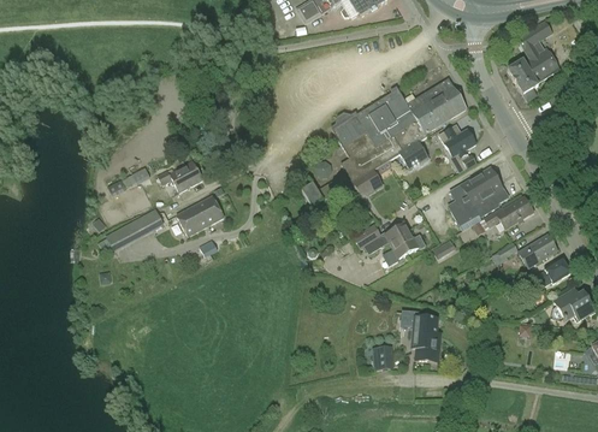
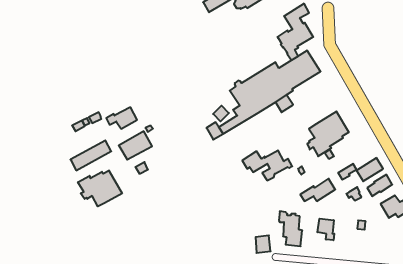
building: [508,19,559,101] -> [277,4,313,60]
building: [439,123,475,156] -> none
building: [348,168,384,197] -> none
building: [484,194,534,226] -> [300,179,335,201]
building: none -> [78,170,122,206]
building: none -> [317,219,334,240]

